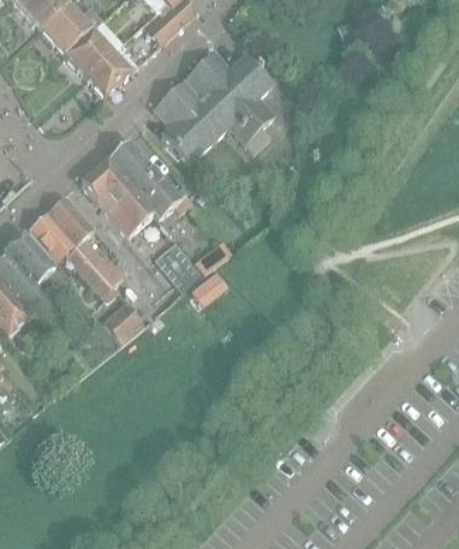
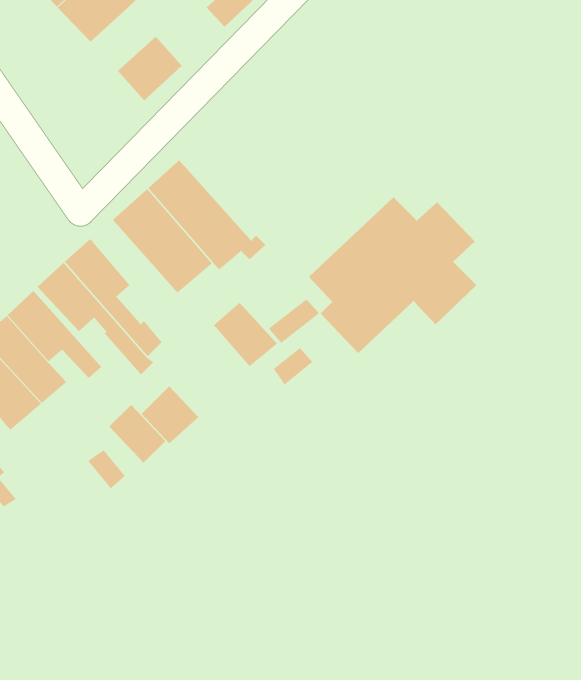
building: [66,29,113,74] -> none
building: [154,49,275,162] -> [308,196,477,354]
building: none -> [109,404,166,463]

